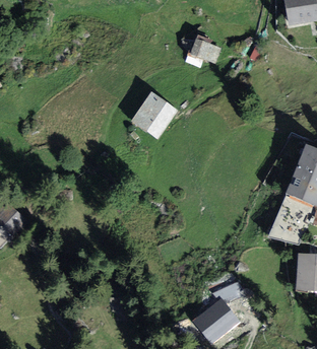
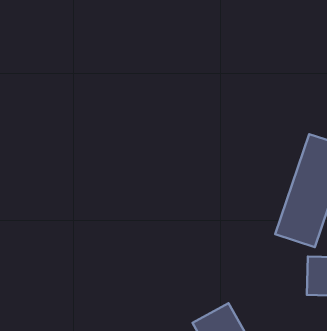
building: [187,39,217,67] -> none
building: [130,92,175,137] -> none

